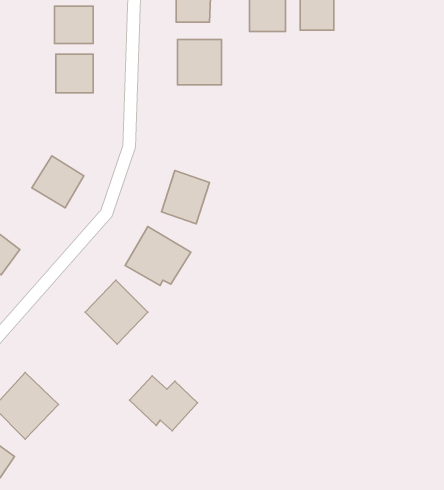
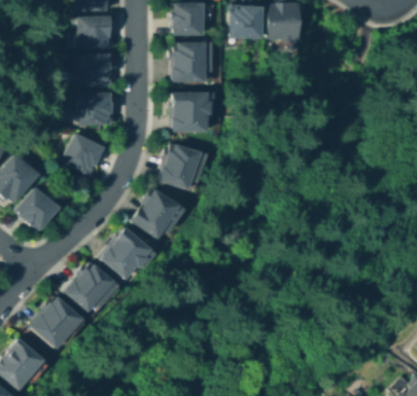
building: none -> [173,96,212,131]
building: none -> [79,97,109,122]
building: [129,376,198,431] -> [67,269,119,312]

